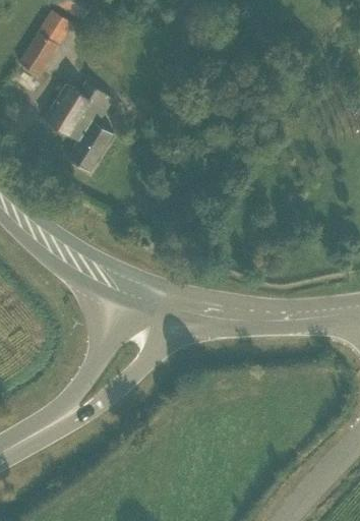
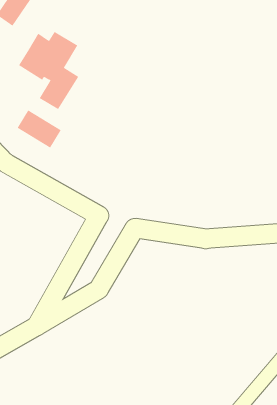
building: none -> [17,109,61,149]

